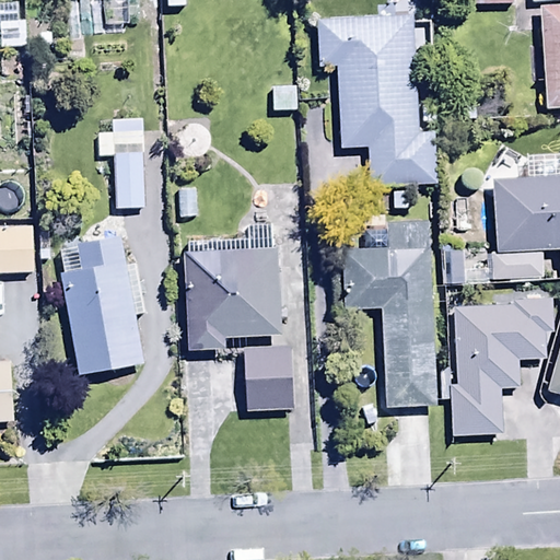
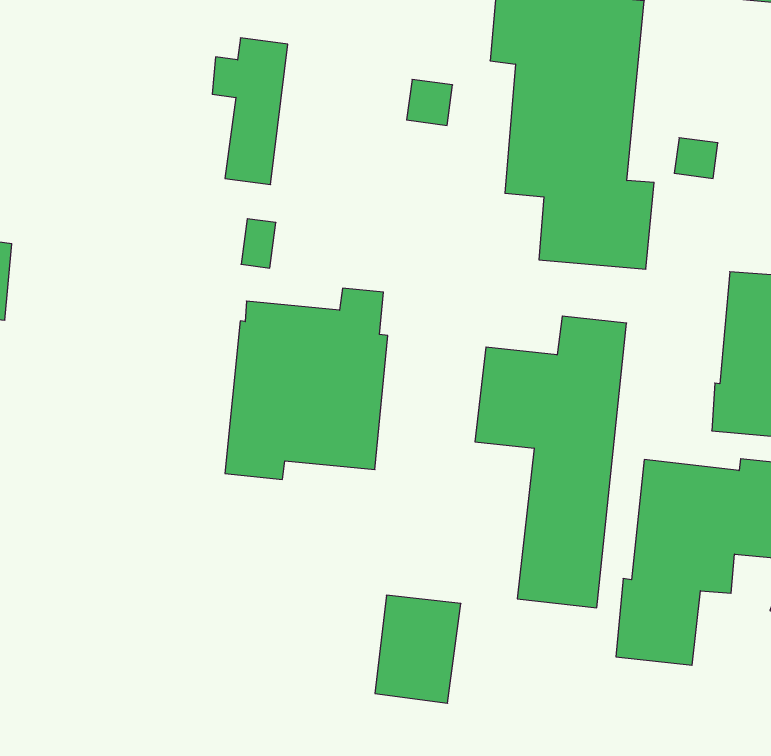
building: [98,117,144,208] -> [212,38,288,185]
building: [60,235,145,373] -> none
building: [245,346,293,410] -> [375,595,461,703]

